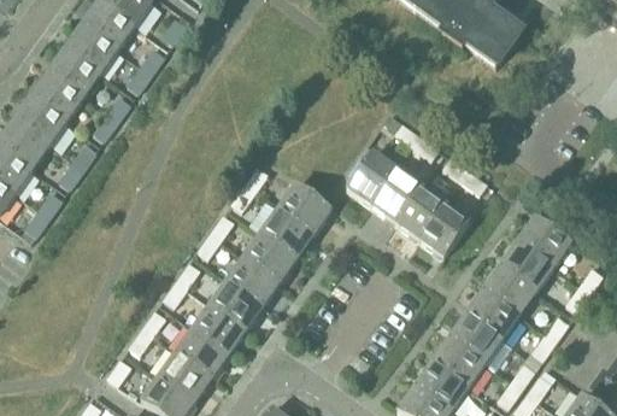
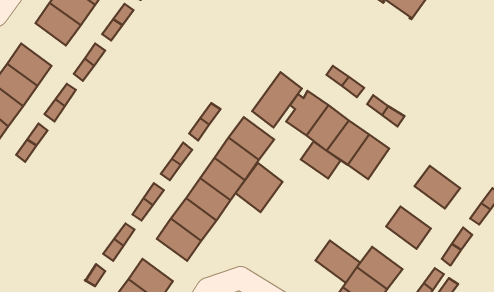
building: [31,70,84,121] -> none
building: none -> [252,72,302,128]
building: none -> [301,142,341,179]
building: [518,216,571,266] -> none
building: none -> [236,163,283,212]
building: [483,264,536,315] -> none
building: [449,312,503,363] -> [316,240,360,283]
building: [176,327,229,377] -> none

